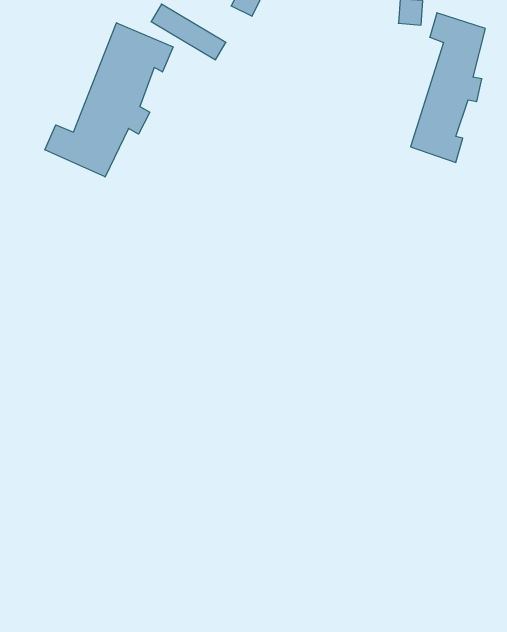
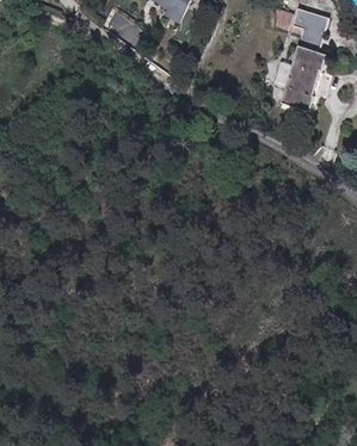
building: [45,23,173,177] -> none

